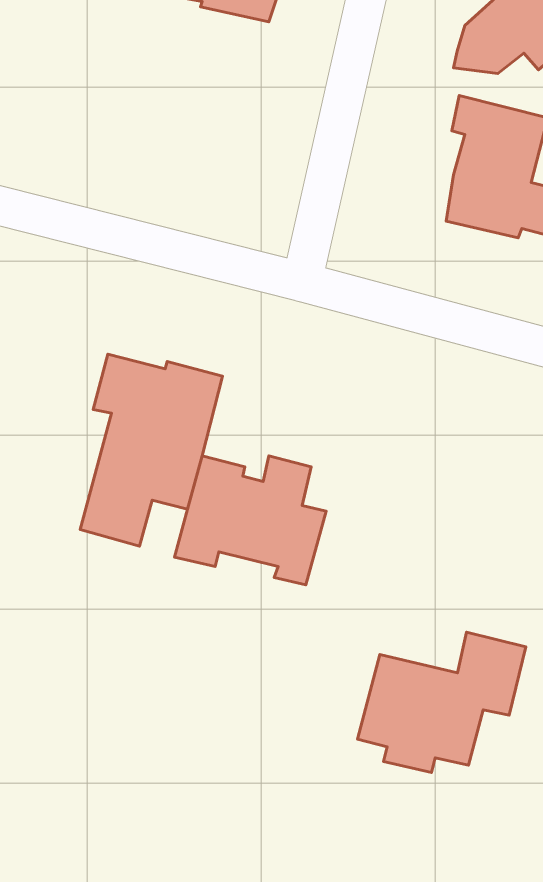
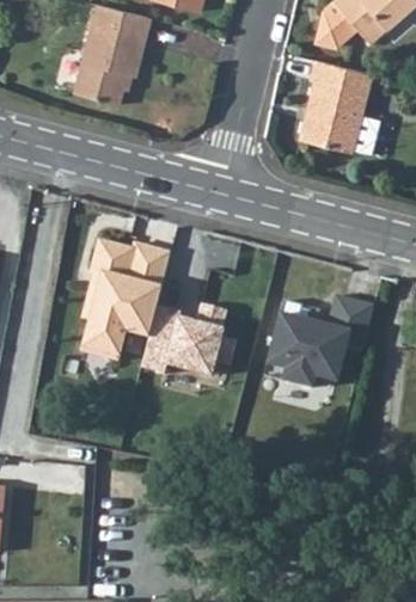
building: none -> [79,12,157,115]
building: [358,632,526,773] -> [263,290,372,381]

